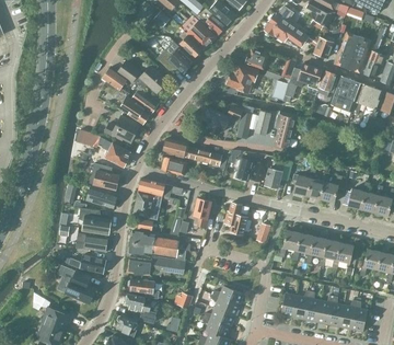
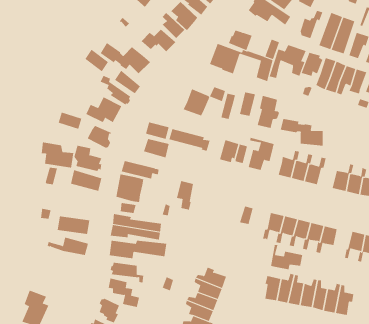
building: none -> [280,118,323,146]
building: [224,203,247,234] -> none
building: [78,208,111,234] -> [41,142,74,168]
building: none -> [271,244,303,270]
building: [57,271,95,303] -> none

